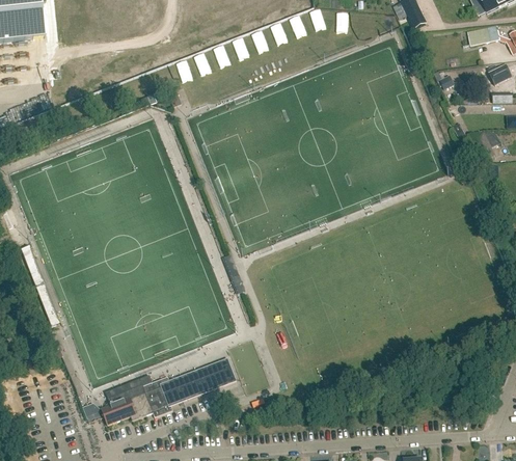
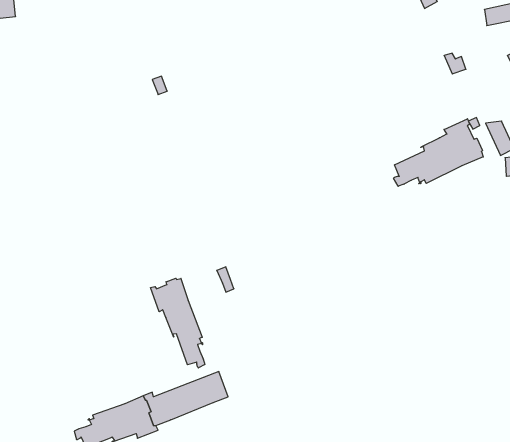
building: none -> [394,119,483,186]
building: none -> [151,278,205,368]

